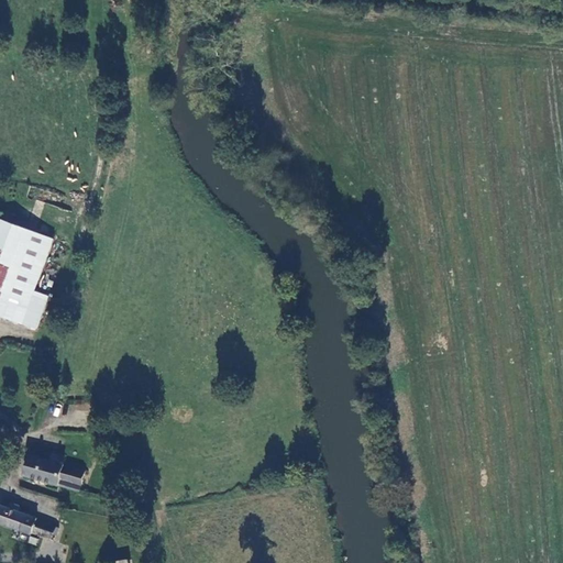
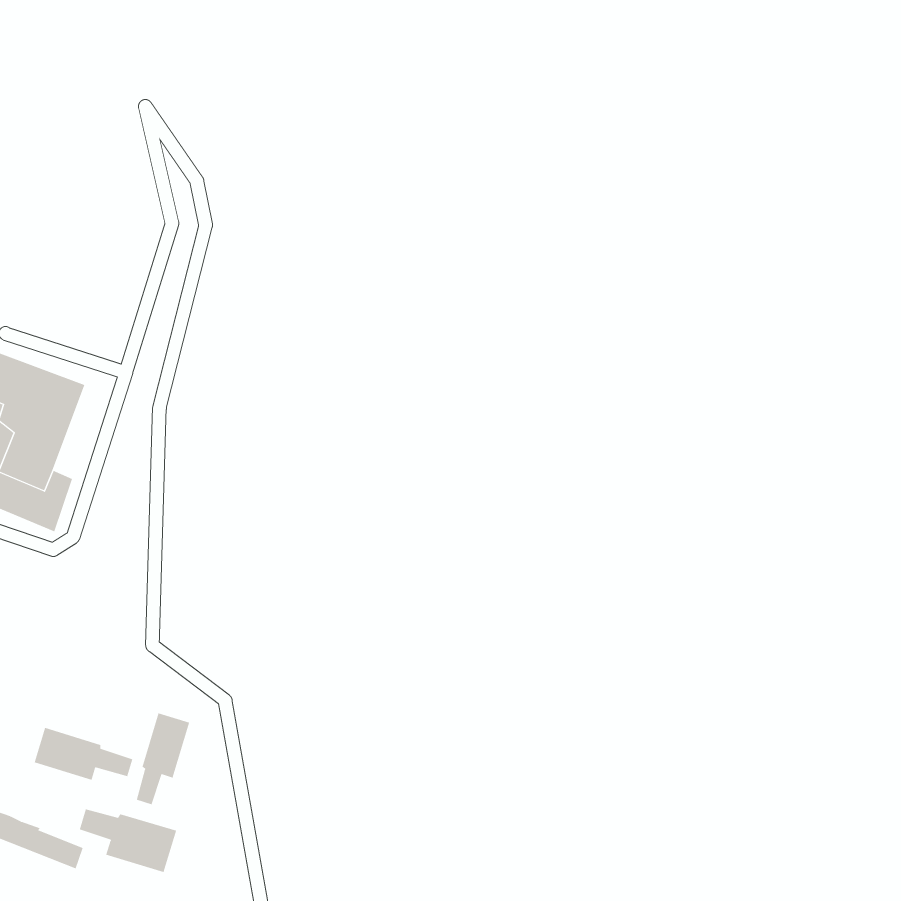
building: none -> [136,712,190,805]
building: none -> [79,808,177,873]

